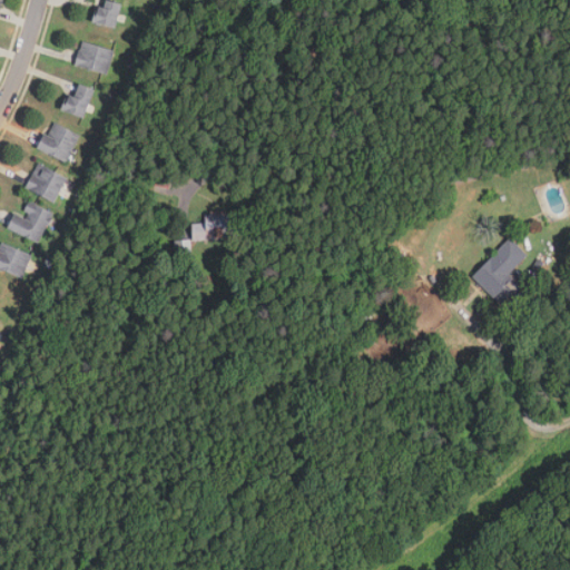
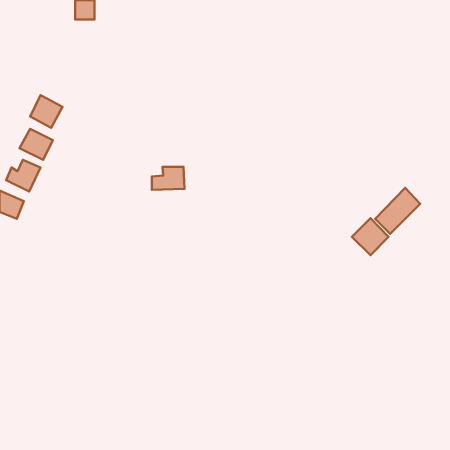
building: [75,42,112,73] -> none
building: [65,82,95,118] -> none
building: none -> [352,218,388,255]

